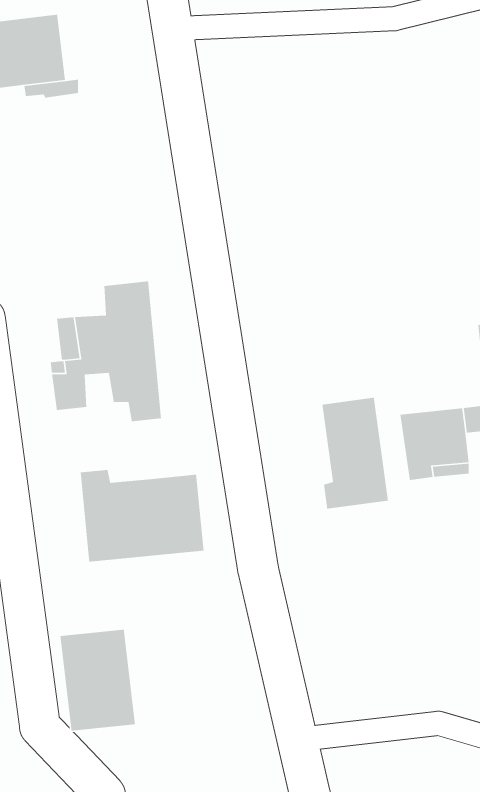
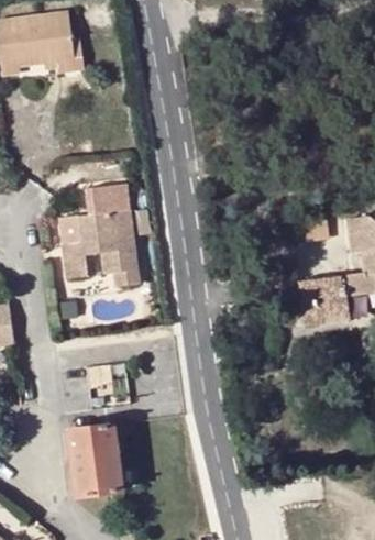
building: [322,397,389,509] -> none
building: [80,469,204,563] -> none

